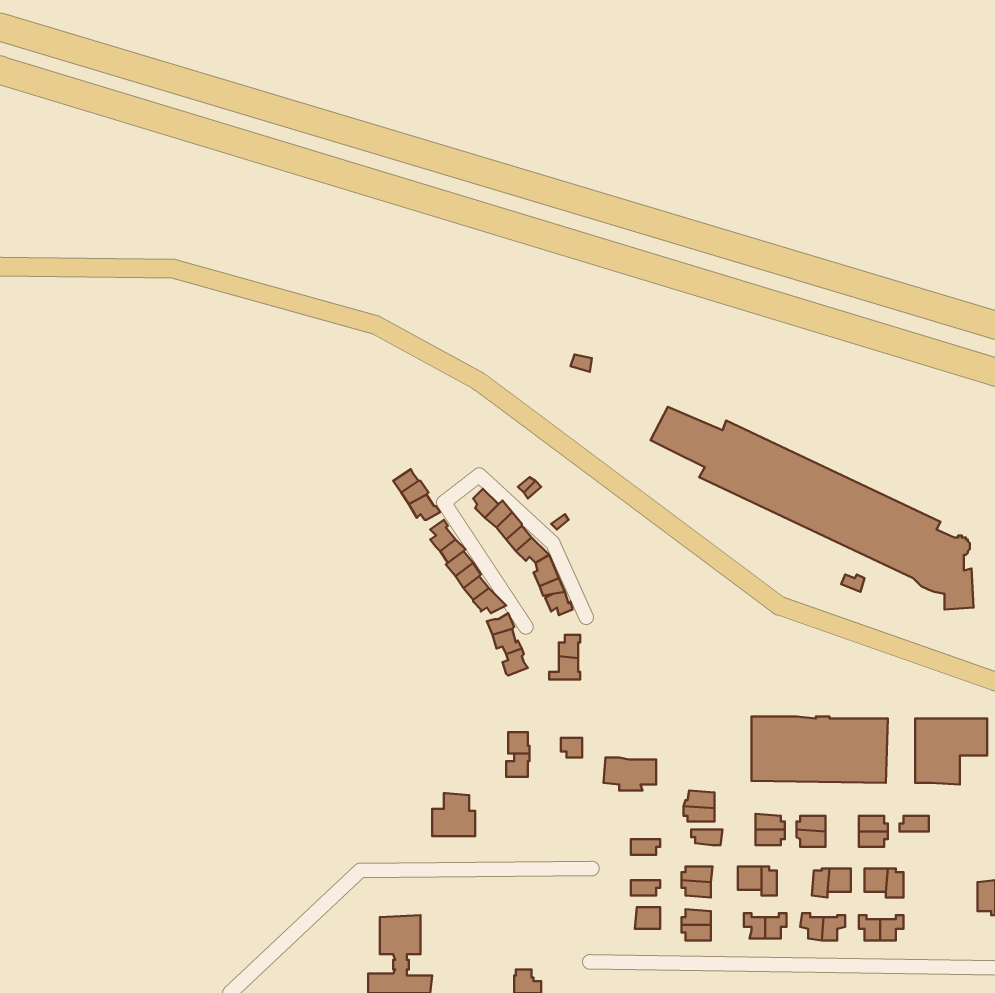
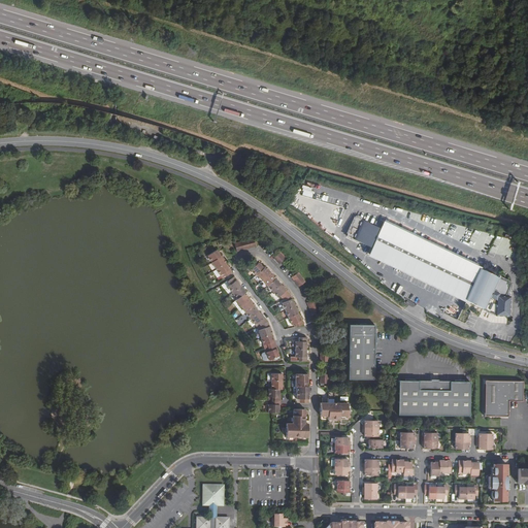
building: none -> [348,324,374,378]
building: [432,793,475,836] -> [286,414,308,436]
building: none -> [488,463,506,500]

